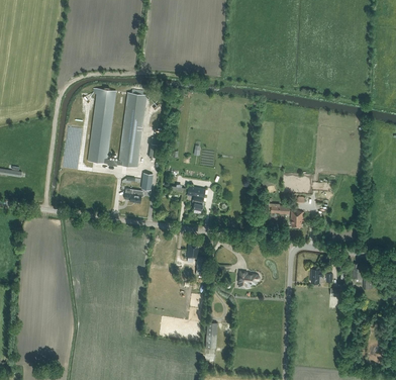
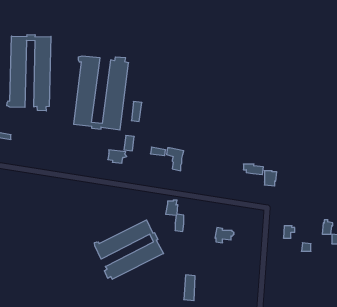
building: none -> [7,35,51,111]
building: none -> [94,220,164,279]

